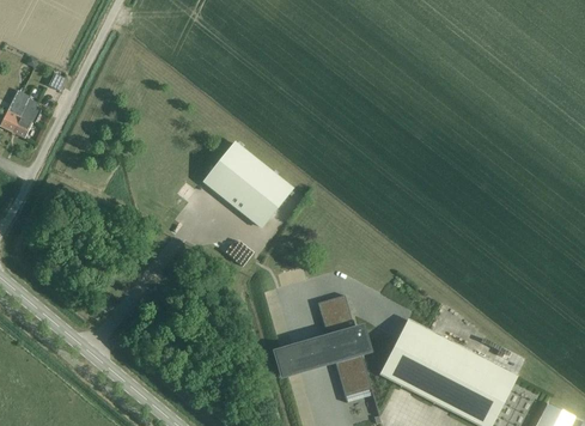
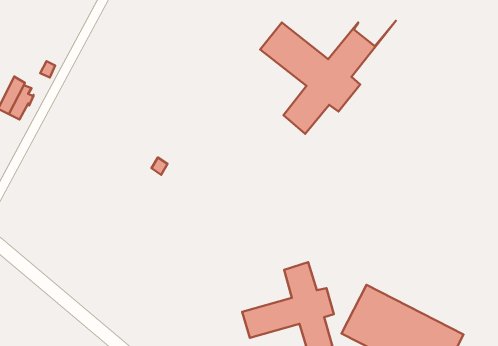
building: none -> [260,21,396,134]
building: [203,141,290,226] -> none

